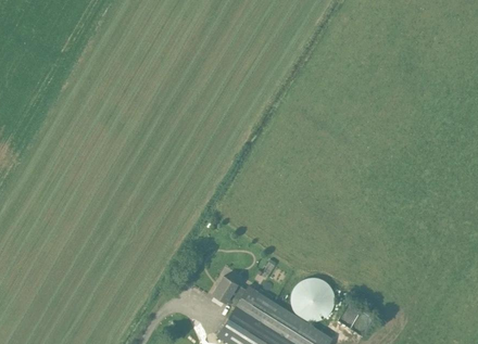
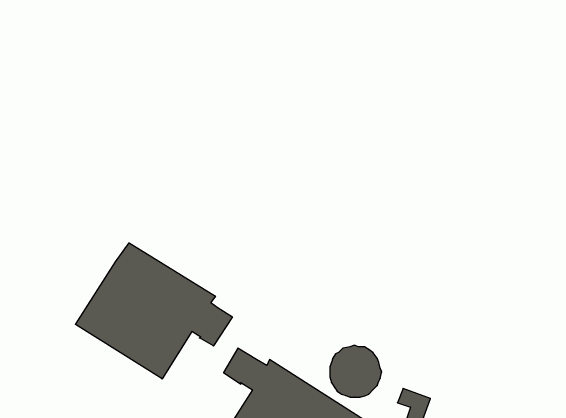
building: none -> [75,243,232,379]

